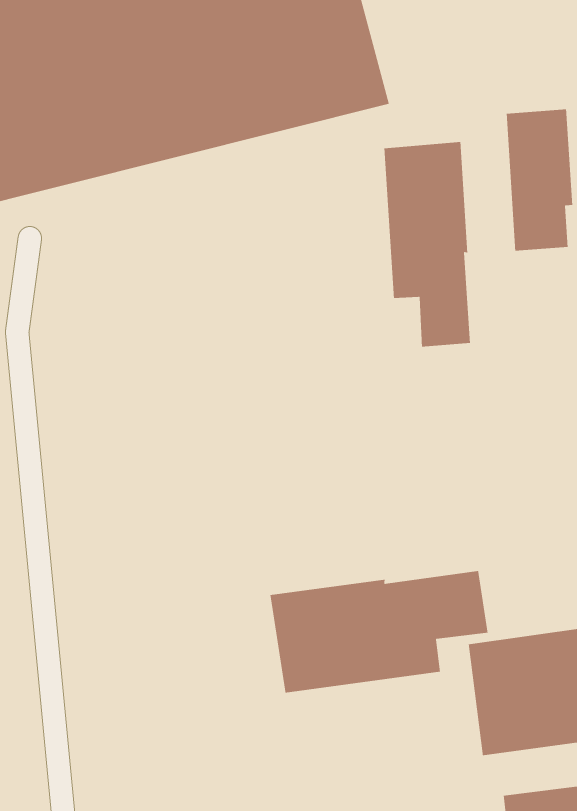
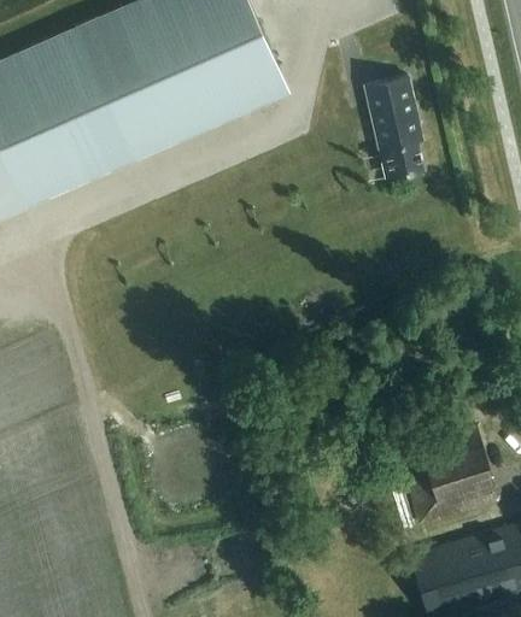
building: [384,141,471,348] -> none
building: [269,570,488,693] -> none

